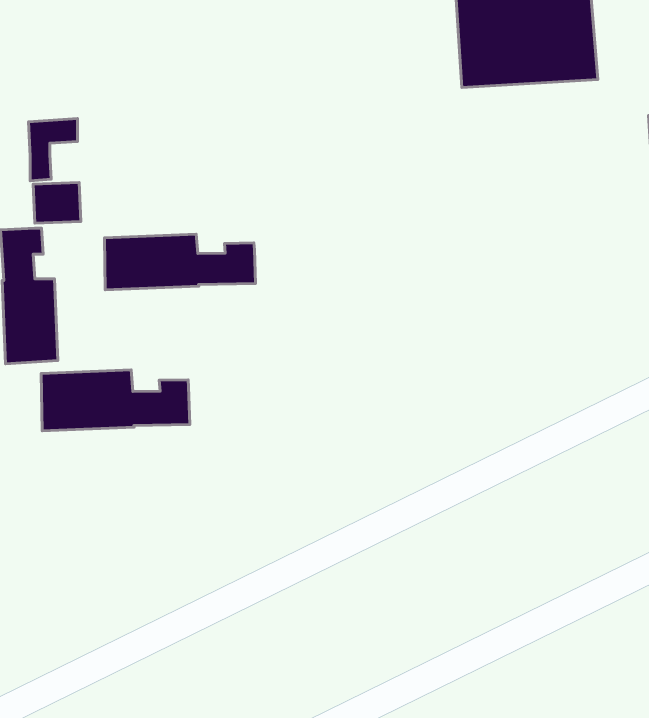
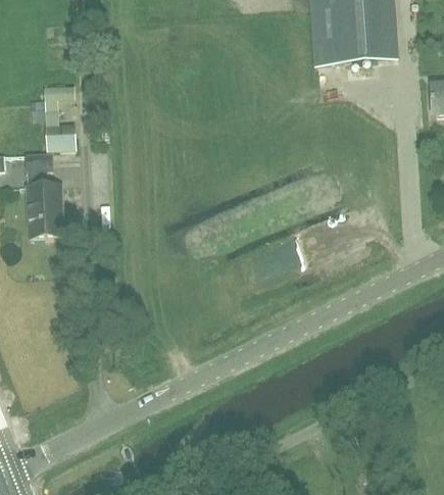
building: [104,234,255,290] -> none
building: [41,370,190,431] -> none

